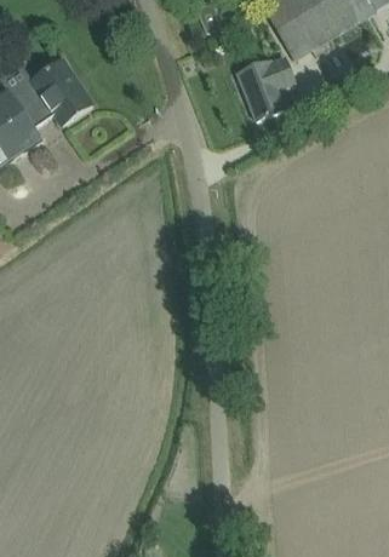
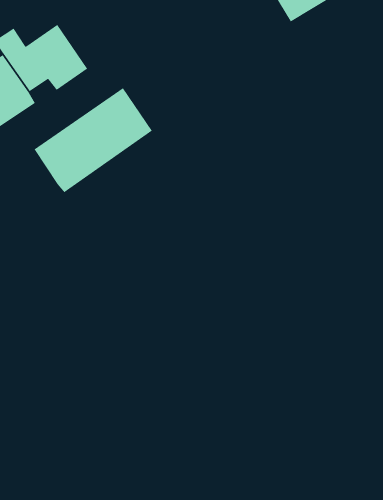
building: [238,56,296,119] -> none
building: none -> [33,87,153,193]

